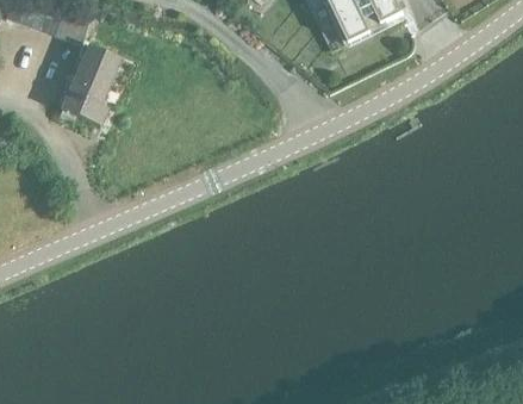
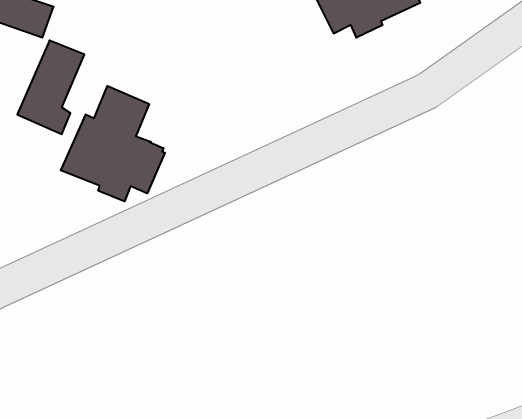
building: none -> [61,86,165,201]

